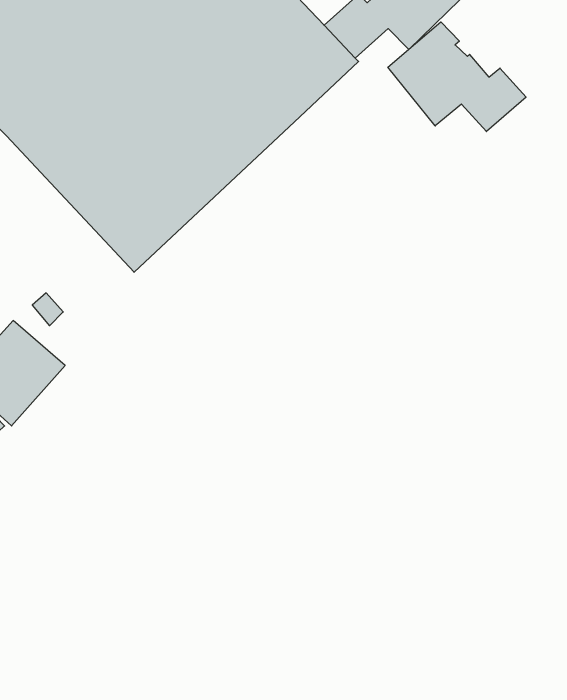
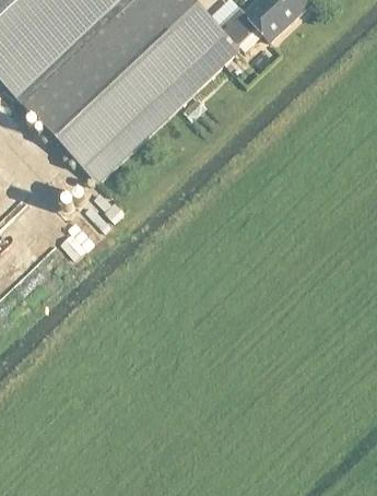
building: [388,22,526,132] -> none

